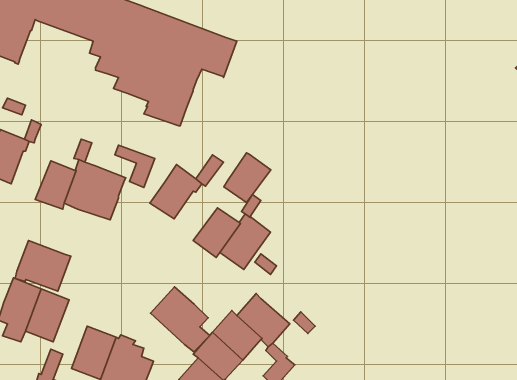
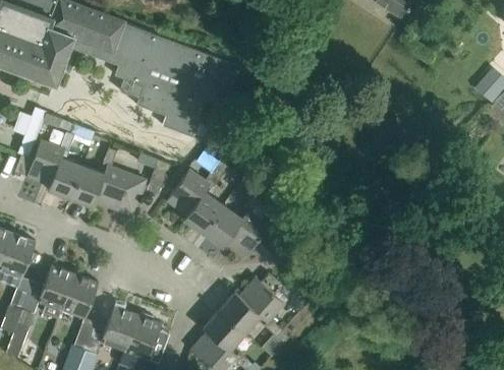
building: none -> [47,158,82,198]
building: [224,153,271,202] -> [183,191,223,233]
building: [15,240,71,291] -> none
building: [151,287,210,352] -> none

